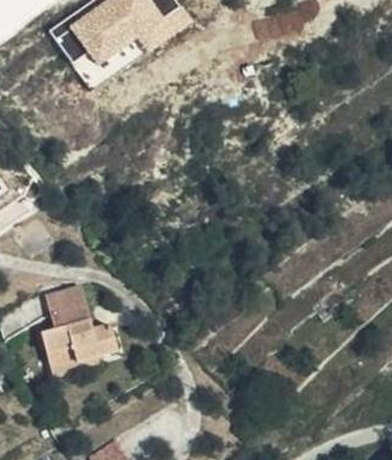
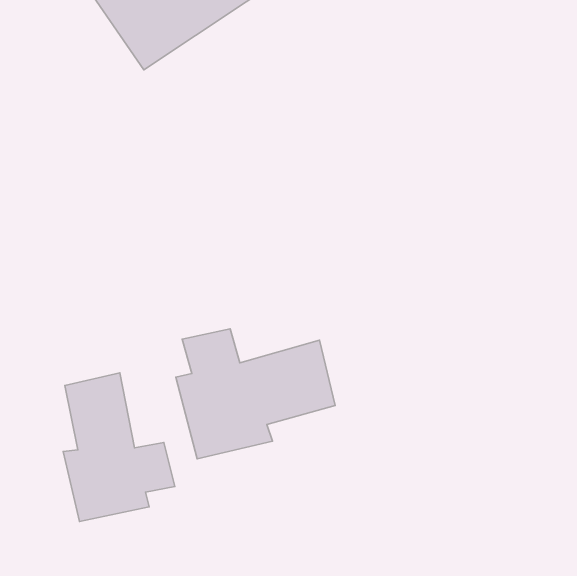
building: none -> [176,329,335,459]

